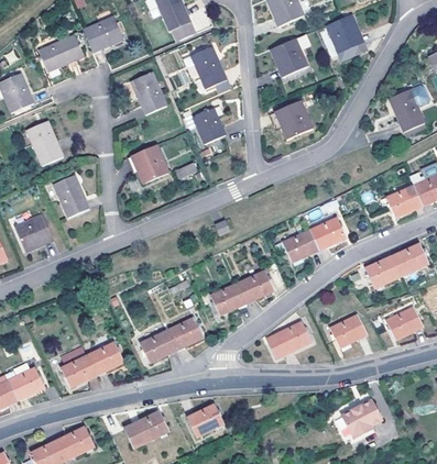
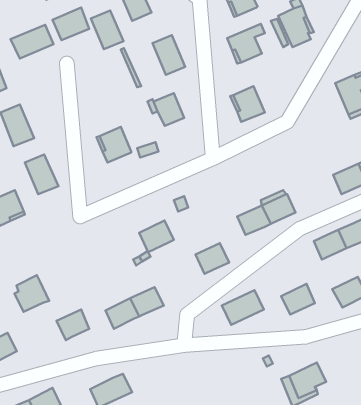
building: [132,73,167,114] -> [91,10,123,49]
building: [210,283,248,317] -> [139,221,174,252]
building: [61,347,98,387] -> [14,275,49,312]
building: [187,405,223,438] -> none

